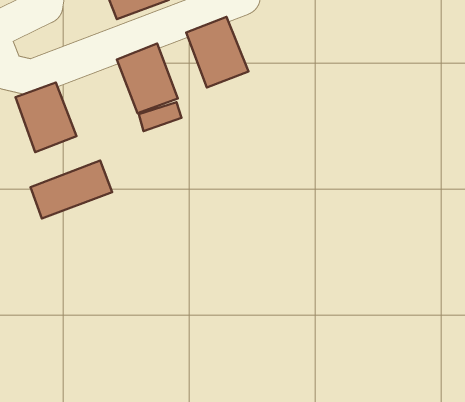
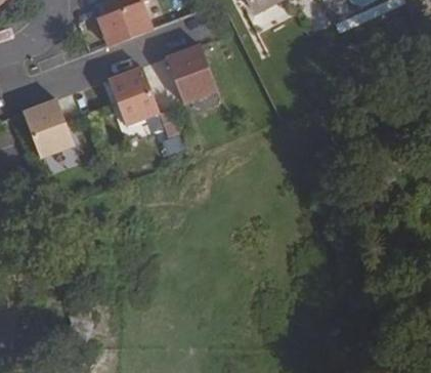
building: [31,160,112,218] -> none

